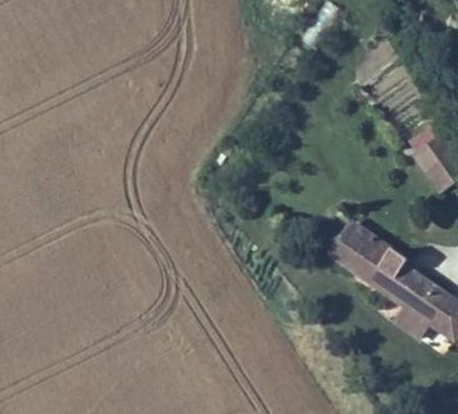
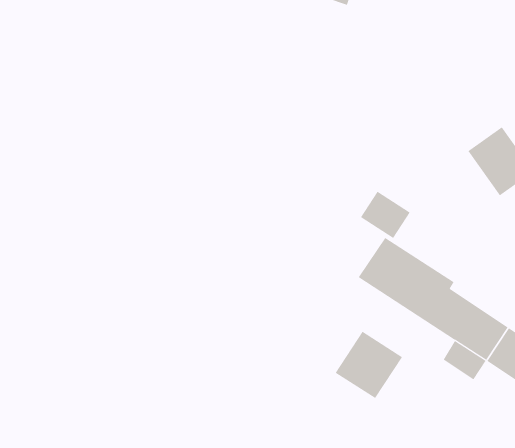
building: none -> [360,191,410,239]
building: none -> [335,331,403,399]

